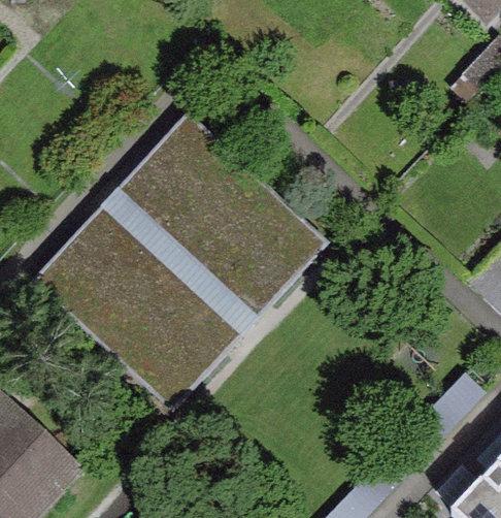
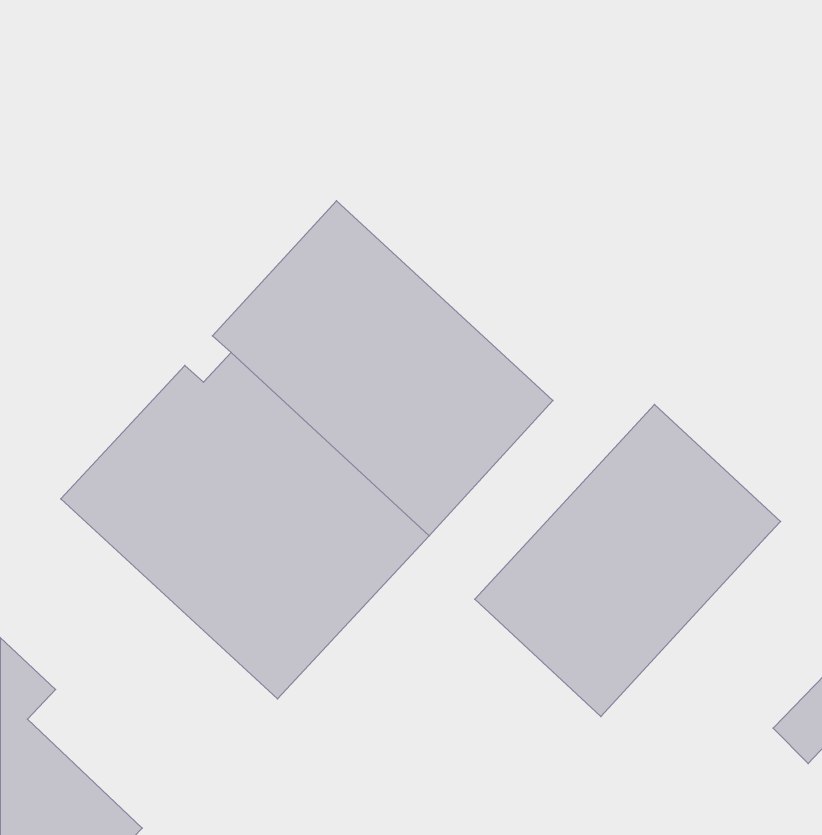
building: none -> [475,404,780,716]

